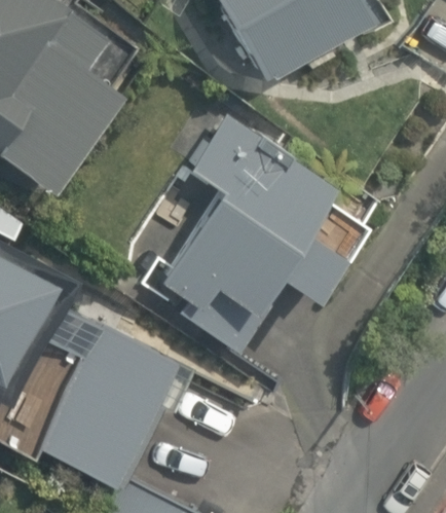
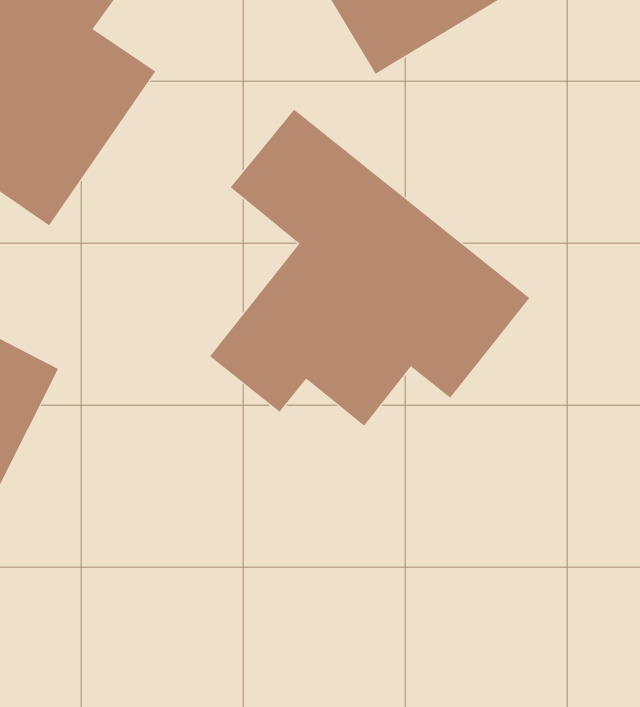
building: [40,323,186,485] -> none

